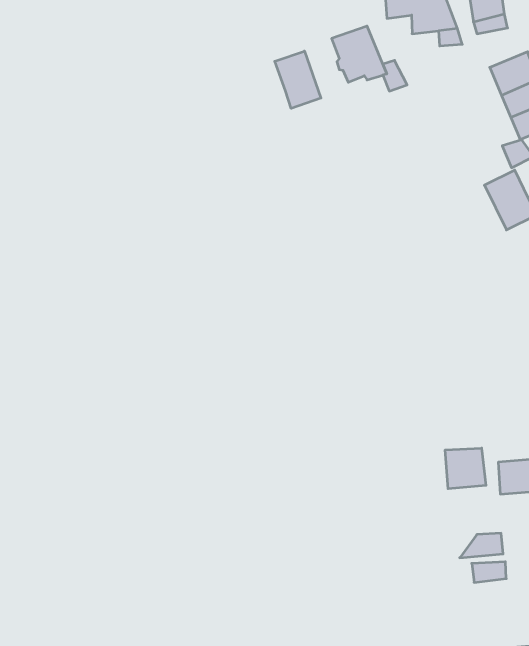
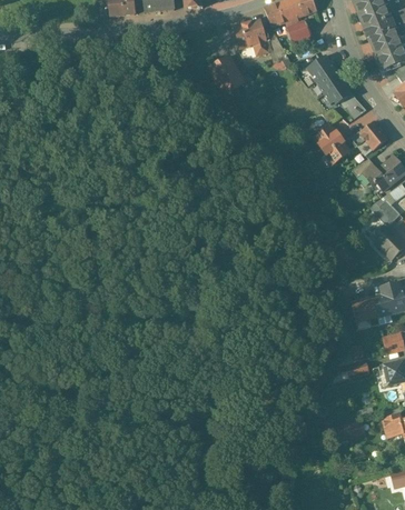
building: [275,51,321,108] -> none
building: [445,448,486,489] -> none

